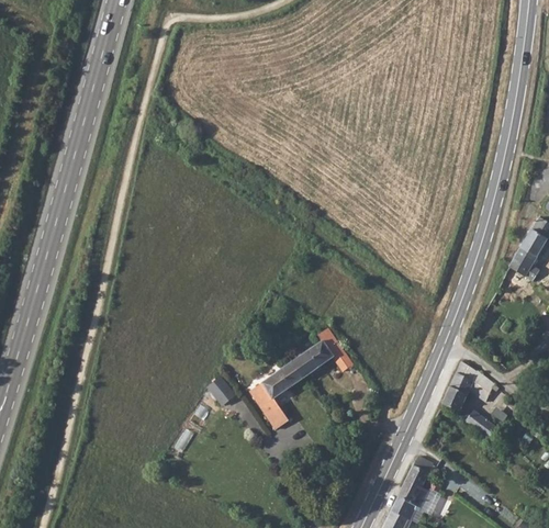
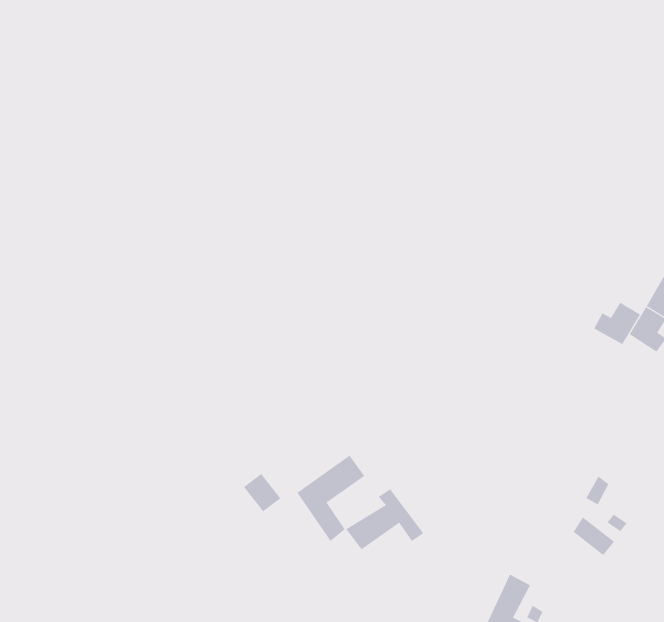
building: none -> [593,302,641,345]
building: [291,329,352,378] -> [346,488,424,550]
building: [441,361,478,411] -> none

